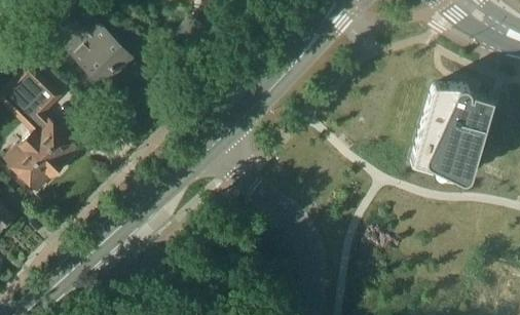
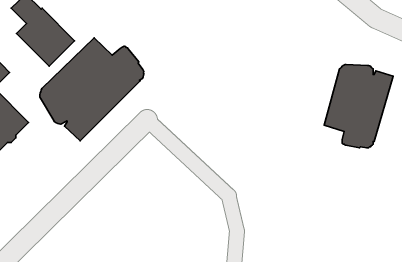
building: none -> [40,38,144,141]

